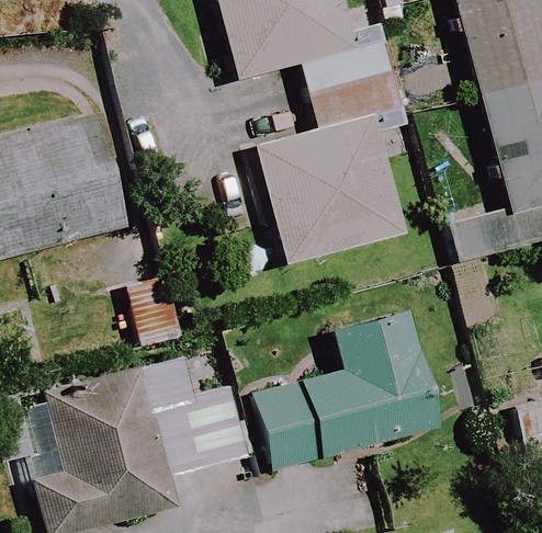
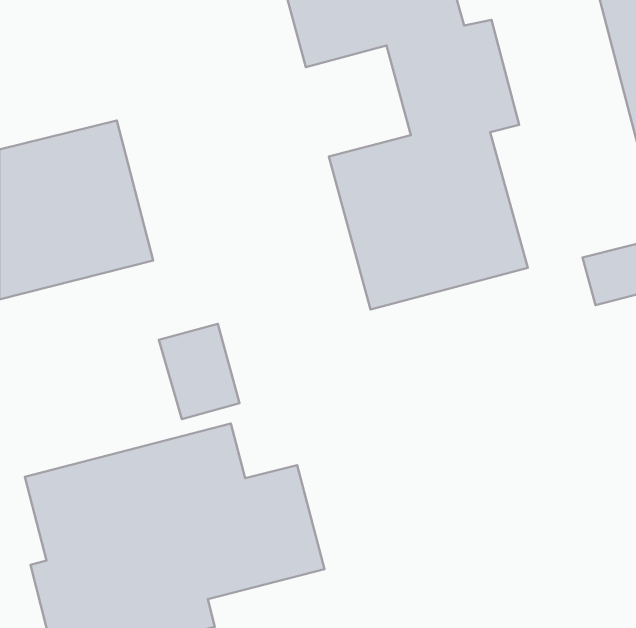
building: [250,307,447,473] -> none

